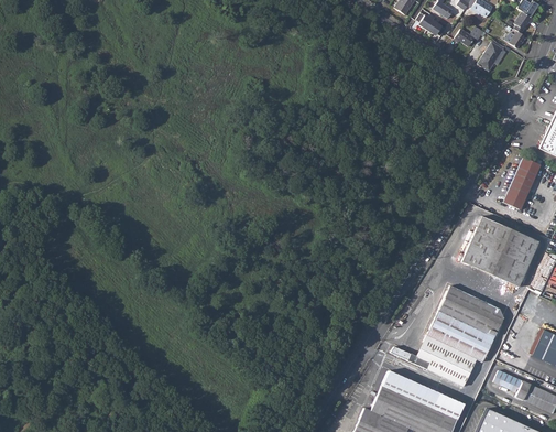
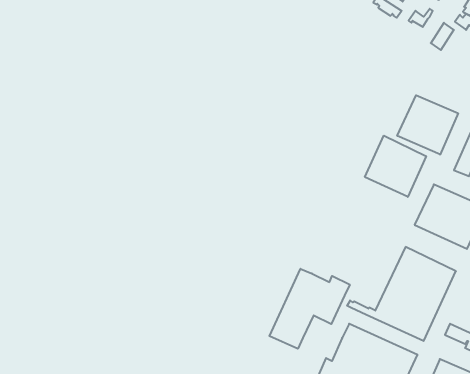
building: none -> [397,95,458,155]
building: none -> [365,136,426,197]
building: none -> [269,269,350,349]

